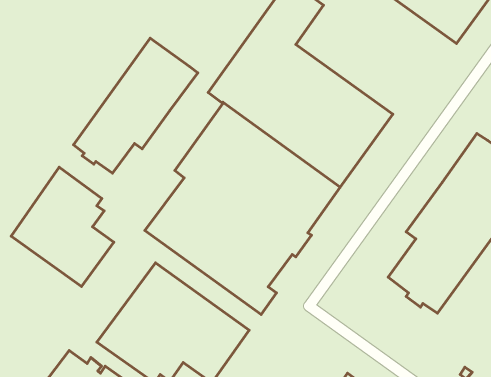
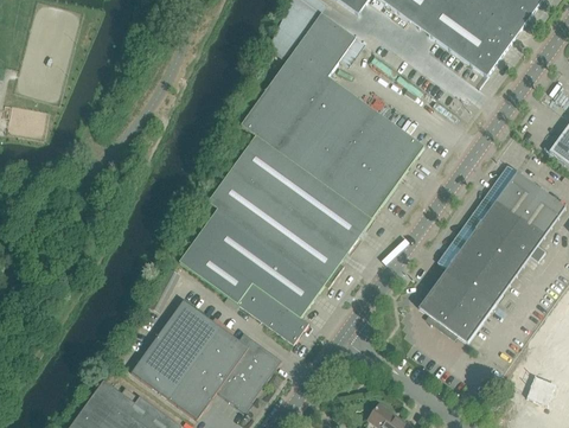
building: [73,38,198,173] -> none
building: [11,167,114,287] -> none

